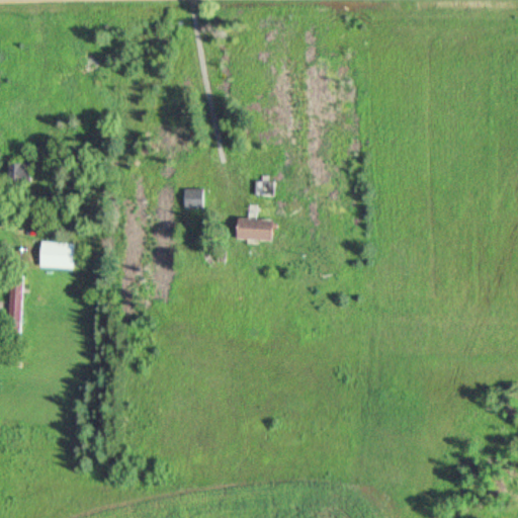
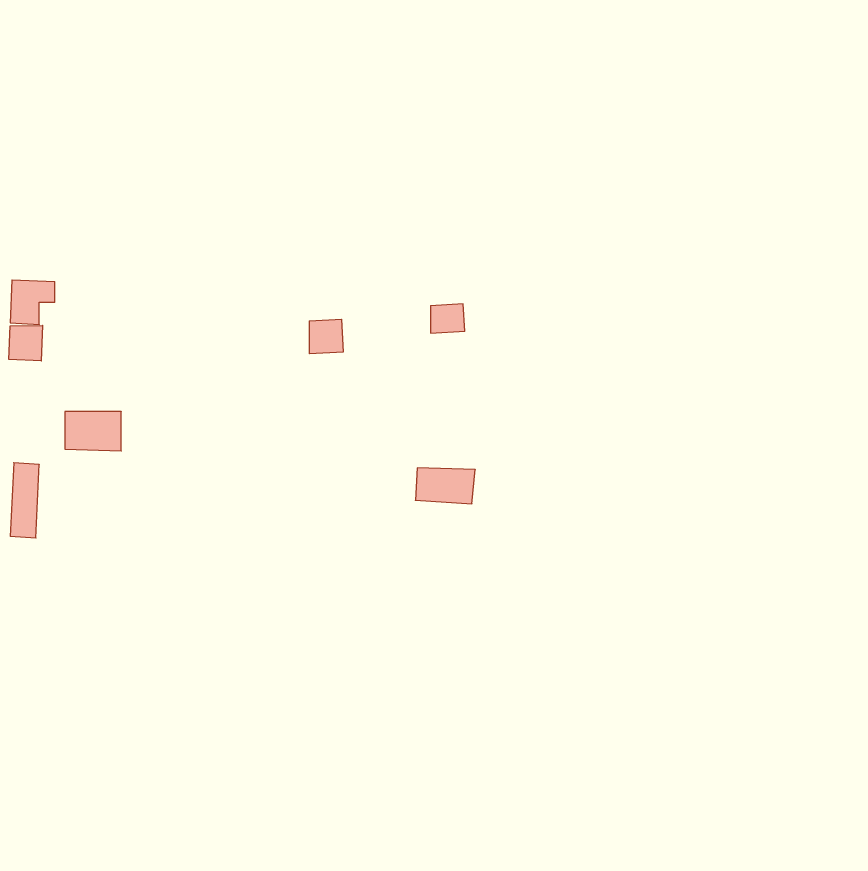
building: none -> [9,325,43,361]
building: [240,219,275,240] -> [415,468,475,504]

